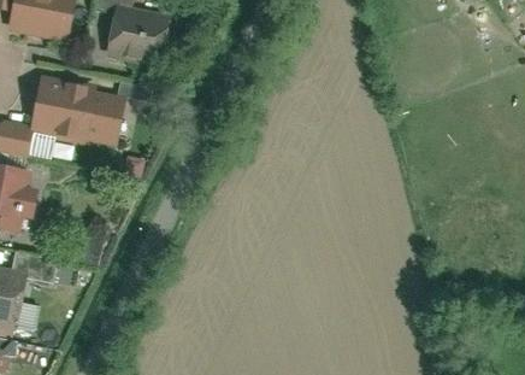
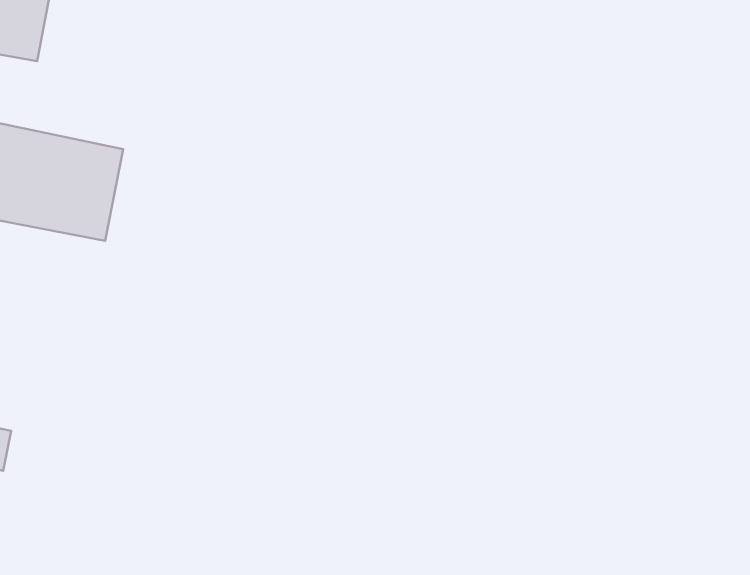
building: [102,11,163,66] -> none

